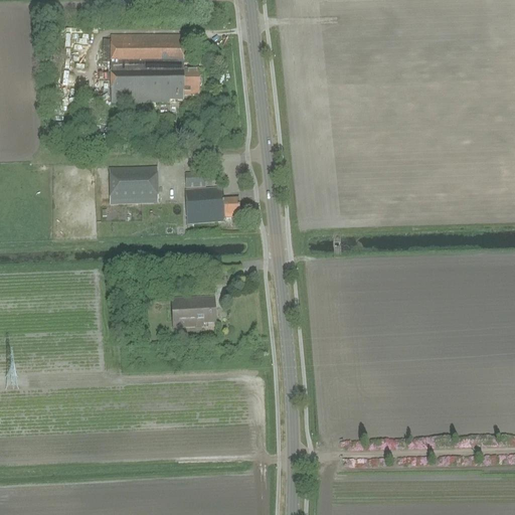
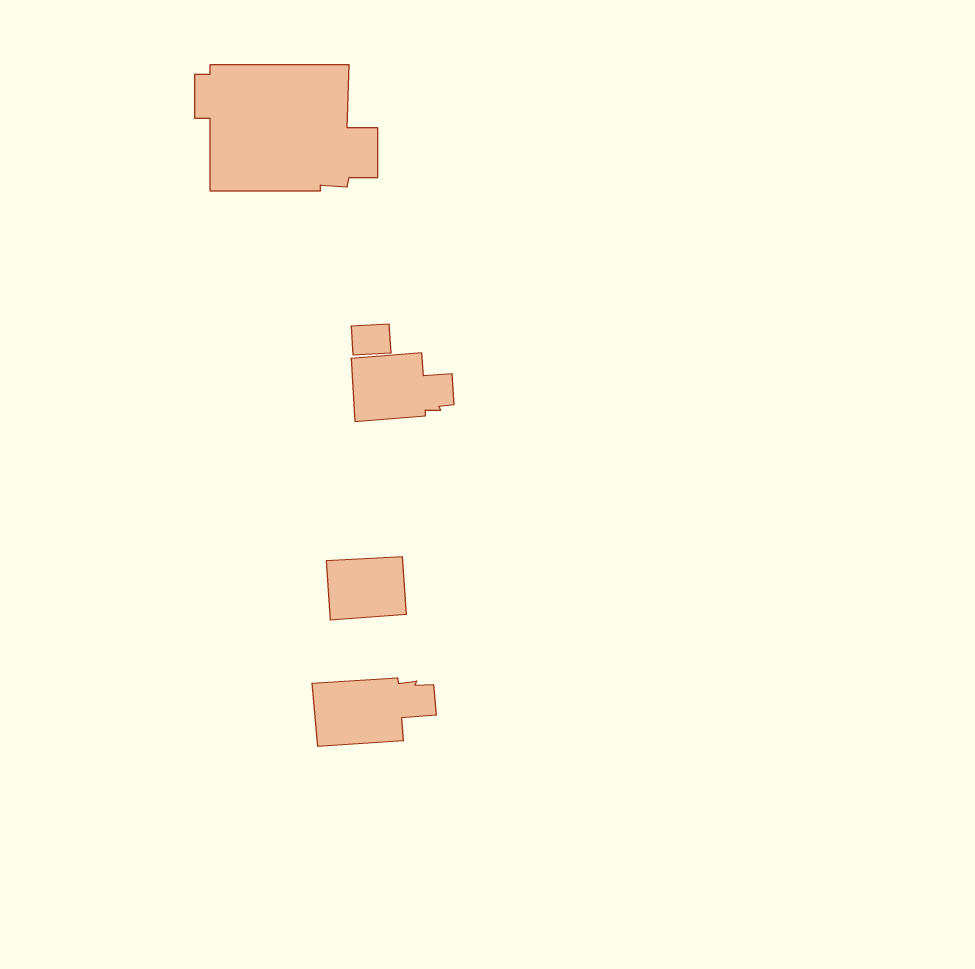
building: [110,166,157,202] -> none
building: none -> [312,678,436,746]

